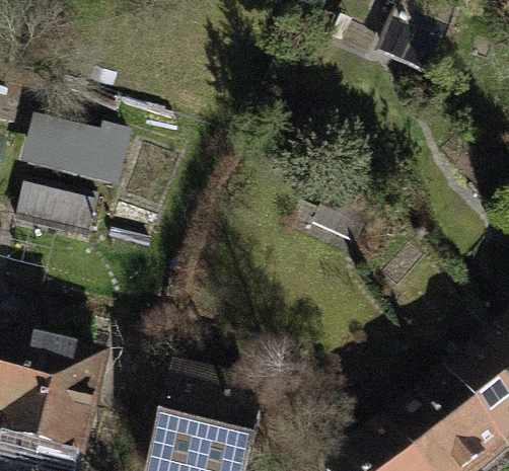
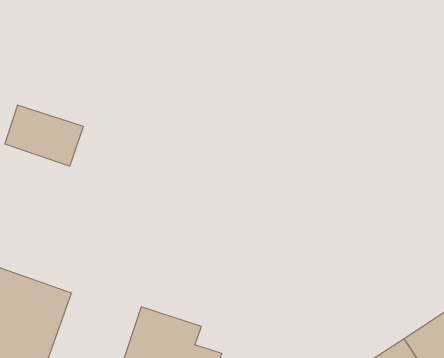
building: [31,135,128,188] -> none

